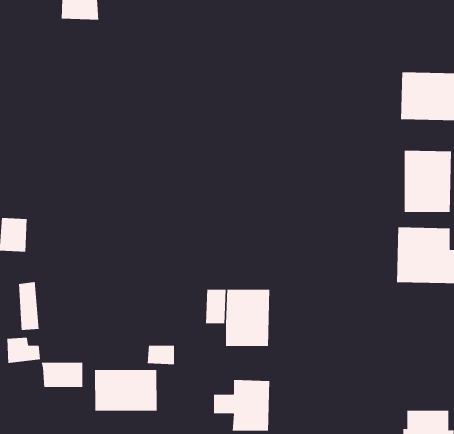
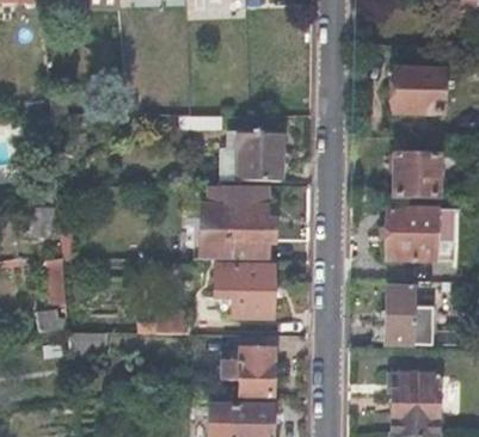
building: none -> [237,130,281,179]
building: none -> [202,184,275,258]
building: none -> [385,287,434,343]
building: [95,369,157,412] -> none

